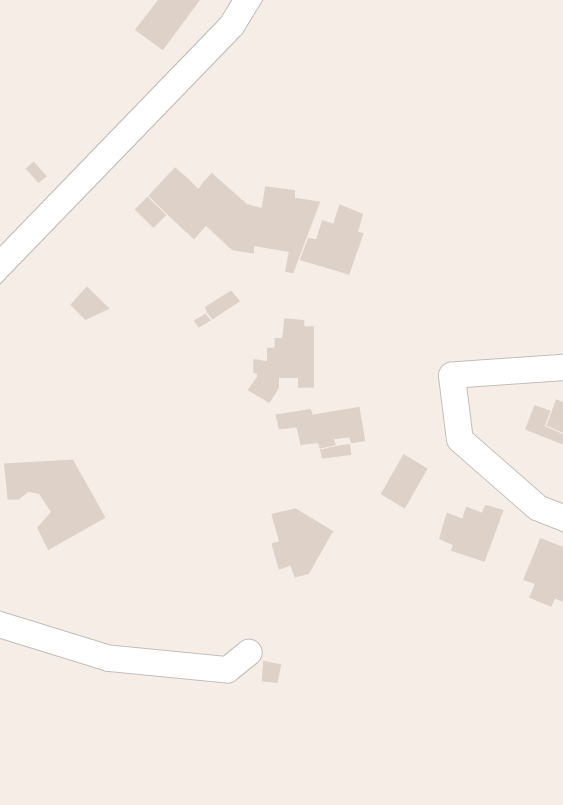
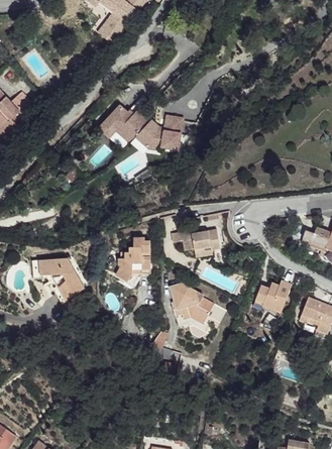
building: [299,203,364,276] -> none
building: [247,318,315,404] -> [114,237,149,282]
building: [380,453,429,510] -> [189,296,214,325]

